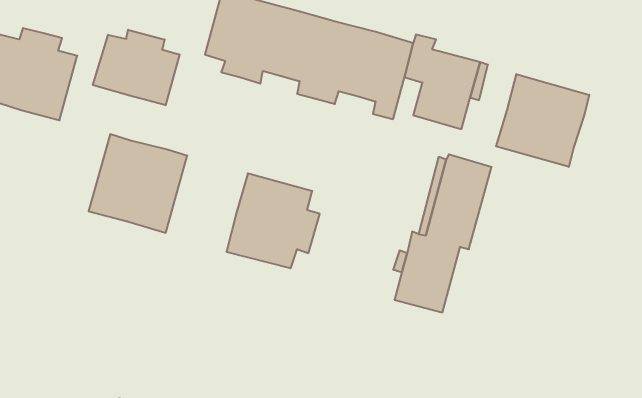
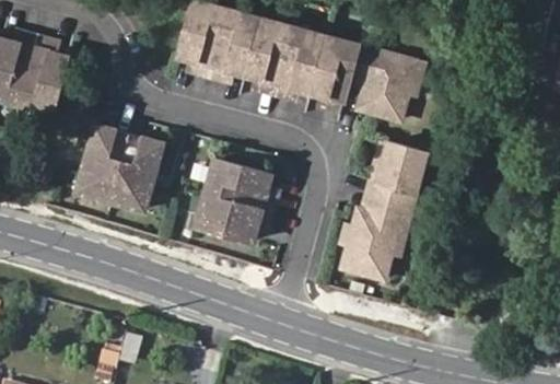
building: [93,30,180,105] -> none
building: [496,74,589,167] -> none

